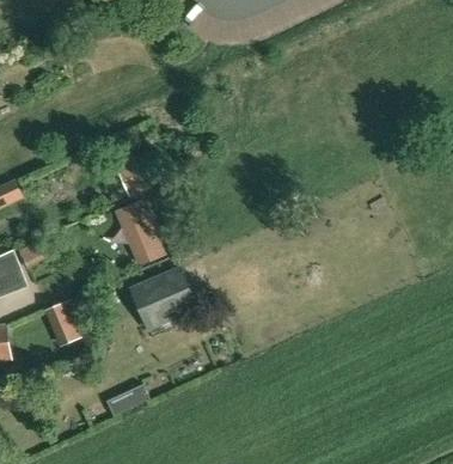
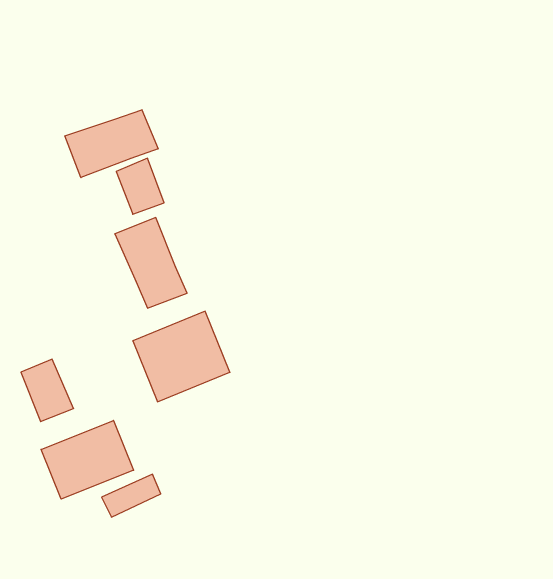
building: none -> [65,110,158,178]
building: none -> [41,420,134,499]

